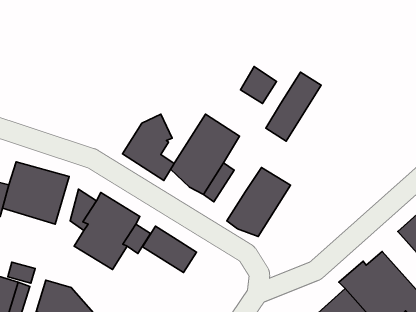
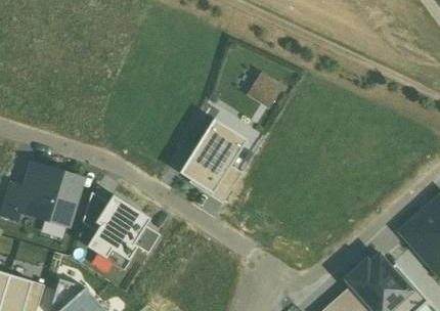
building: [266,72,321,141] -> none
building: [122,114,174,180] -> none
building: [227,167,291,236] -> none
building: [143,226,197,273] -> none

